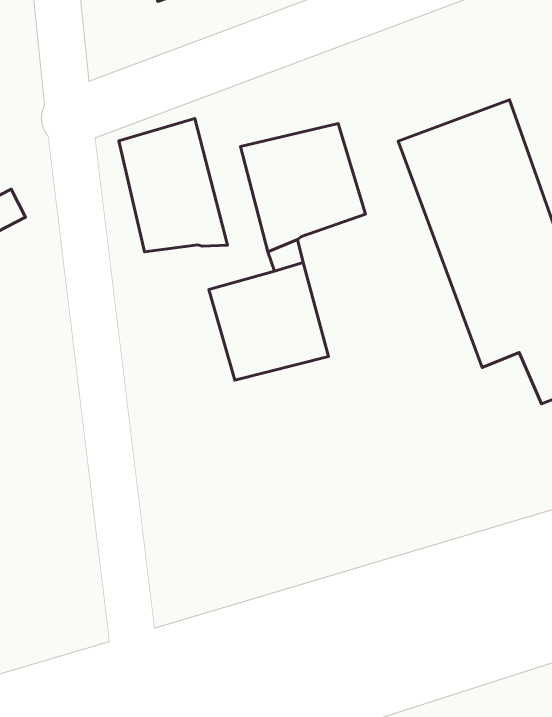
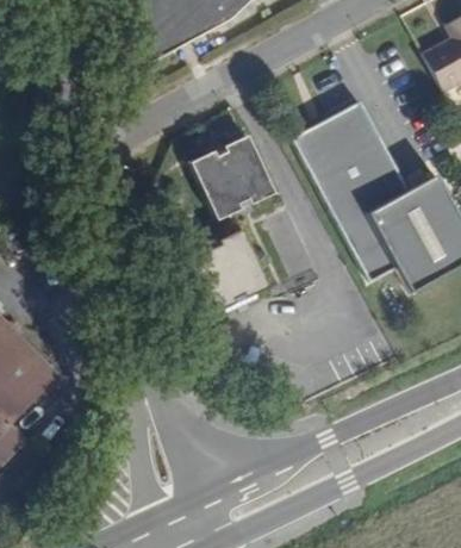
building: [119,118,228,252] -> none

